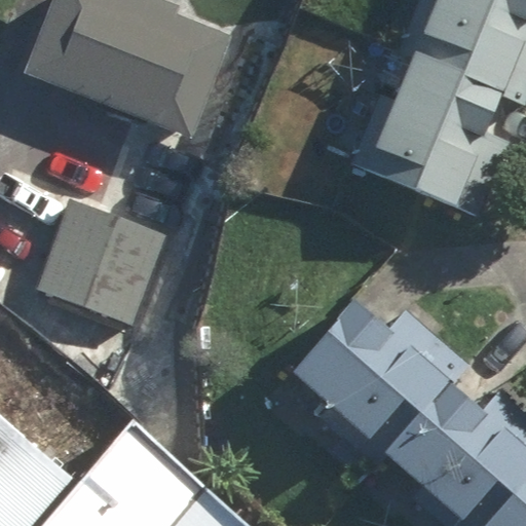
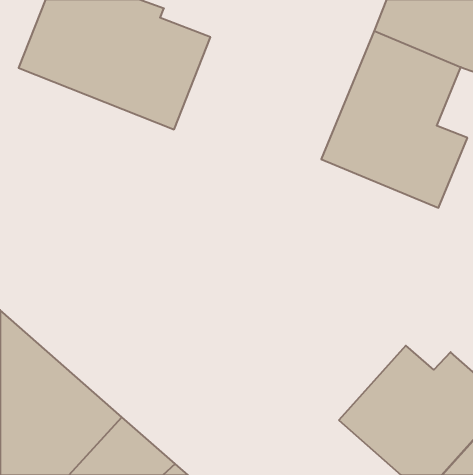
building: [39,200,170,326] -> none
building: [284,297,469,463] -> none

